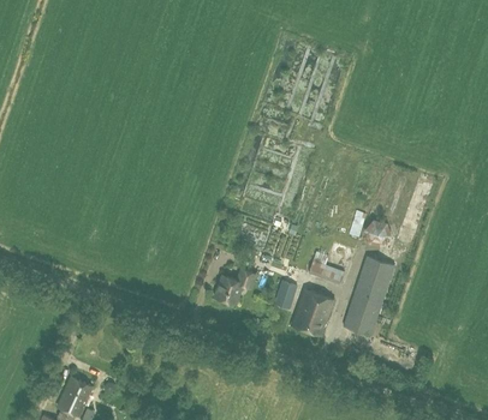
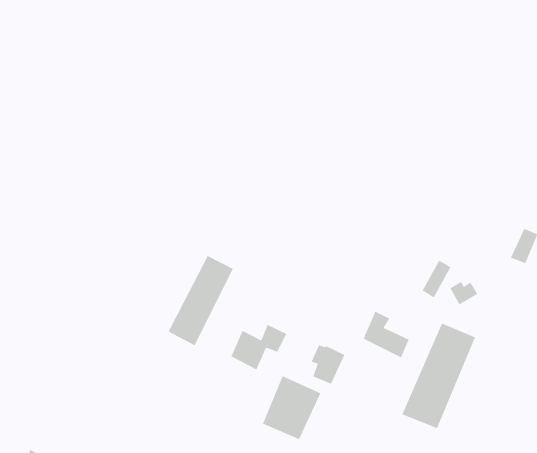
building: none -> [168,255,234,346]
building: [292,287,334,334] -> [262,375,321,440]

